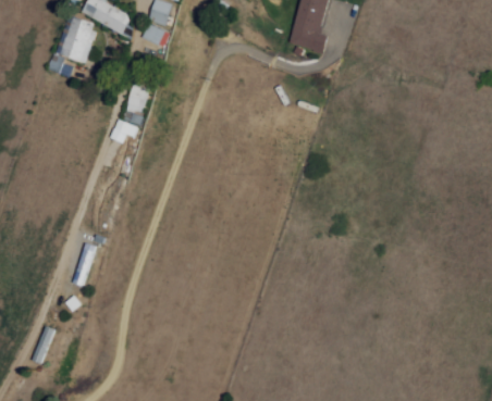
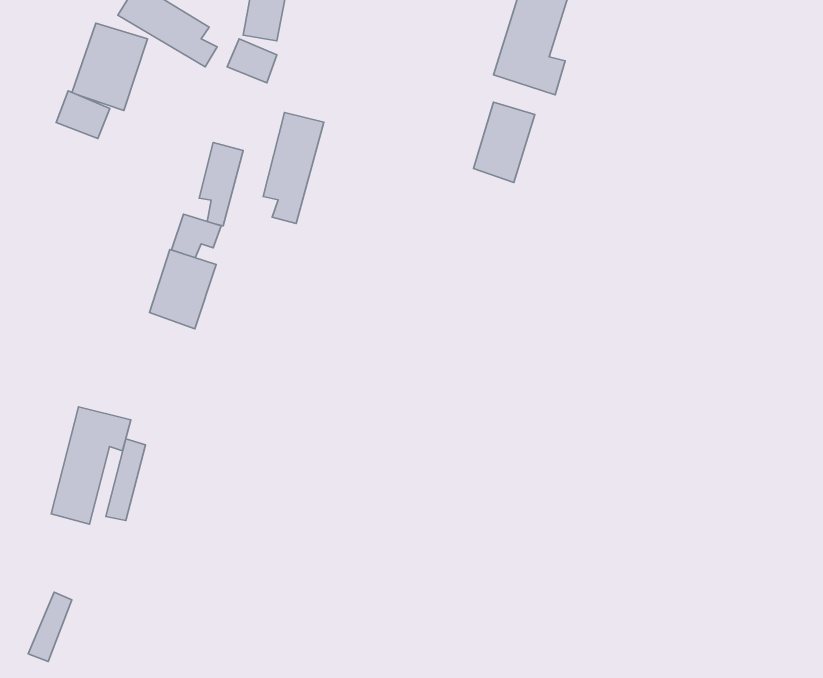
building: none -> [474,102,535,182]
building: none -> [263,113,324,224]
building: none -> [150,250,216,329]
building: none -> [51,407,131,524]

